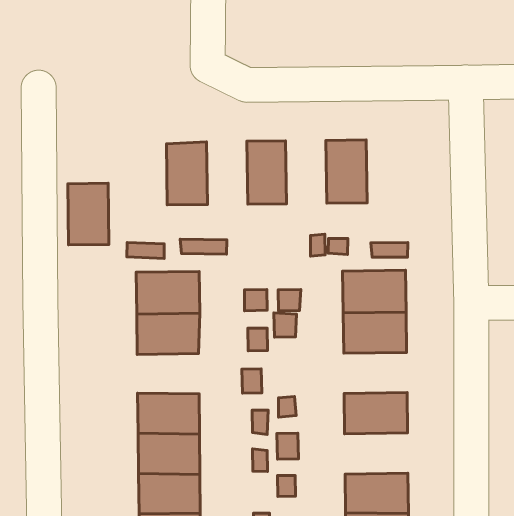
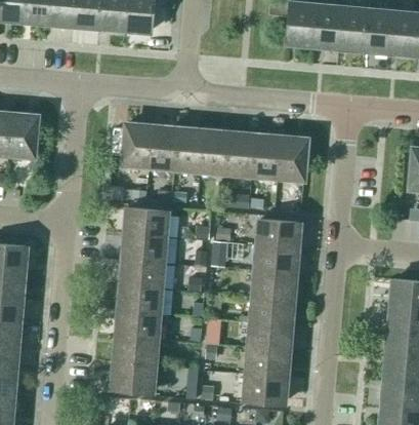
building: none -> [278,138,306,180]
building: none -> [226,133,255,176]
building: none -> [176,129,205,171]
building: [68,183,109,245] -> [125,126,154,167]
building: none -> [252,272,294,301]
building: none -> [121,261,162,289]
building: none -> [248,323,290,352]

